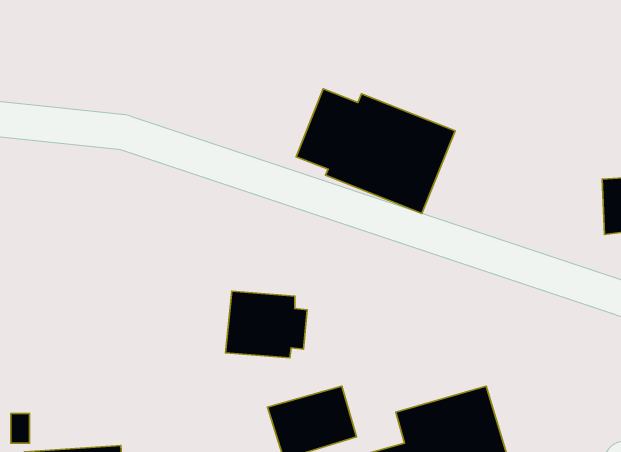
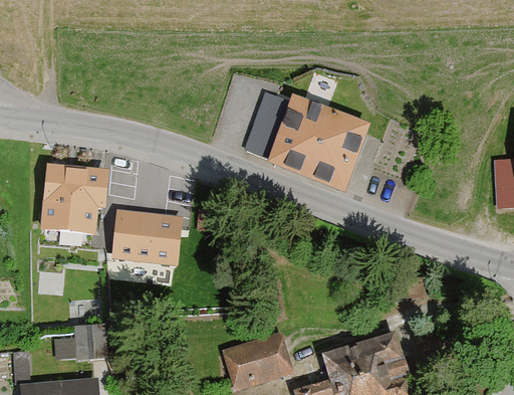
building: none -> [41,164,98,237]
building: [226,291,307,358] -> [111,211,178,265]
building: none -> [53,327,104,358]

